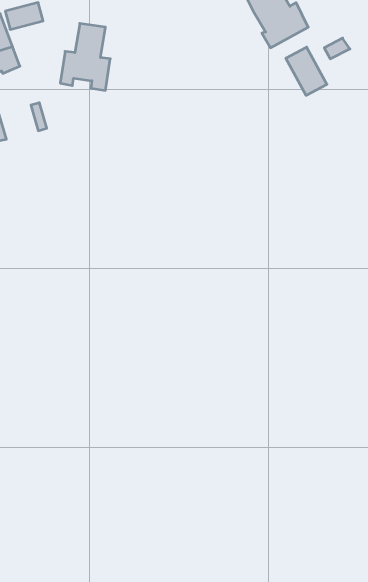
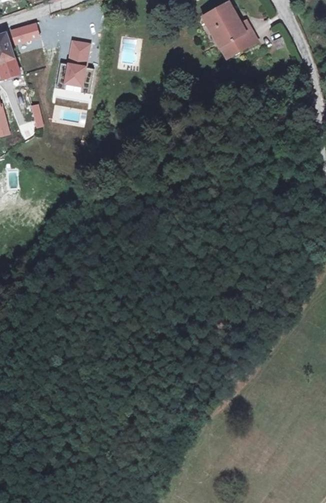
building: [286,47,327,95] -> none

